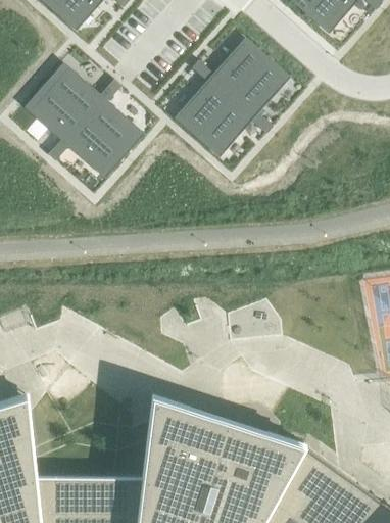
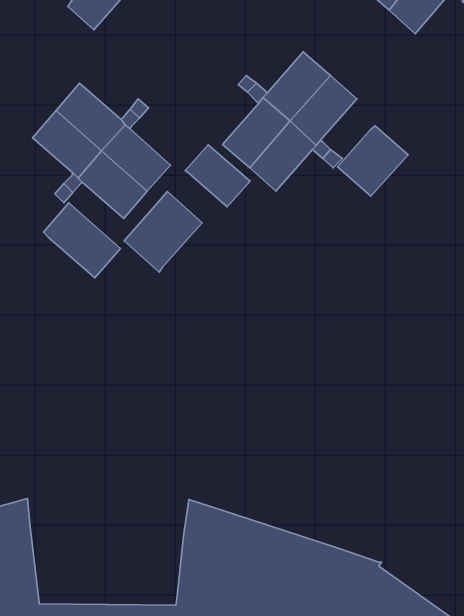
building: none -> [338,126,408,196]
building: none -> [185,145,250,207]
building: none -> [124,192,202,272]
building: none -> [43,203,121,278]

